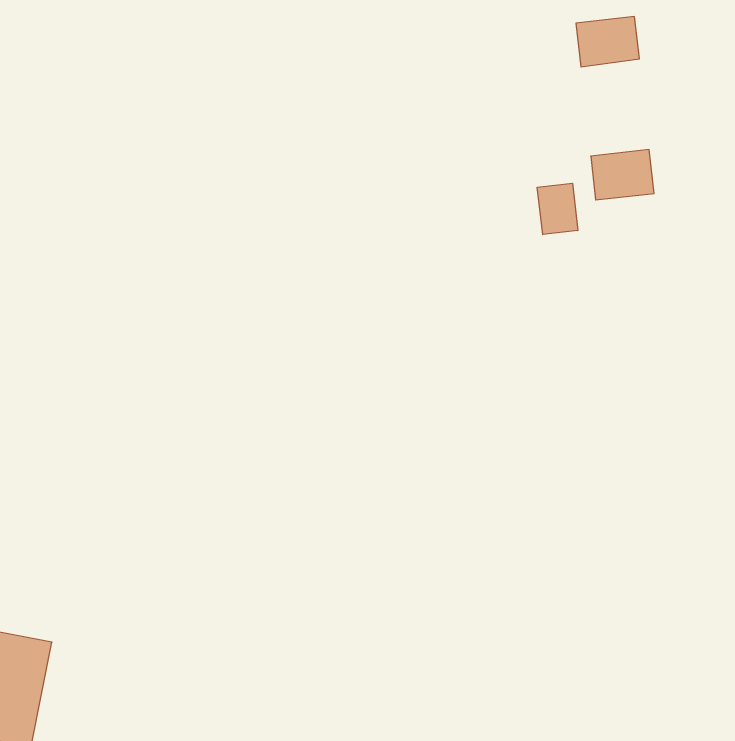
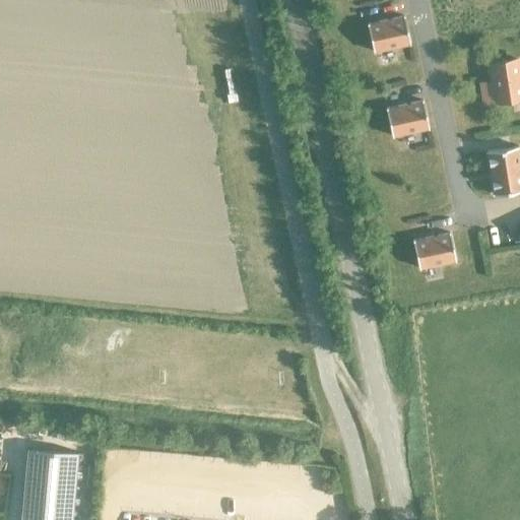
building: [537,183,578,235] -> none
building: none -> [412,235,455,270]

